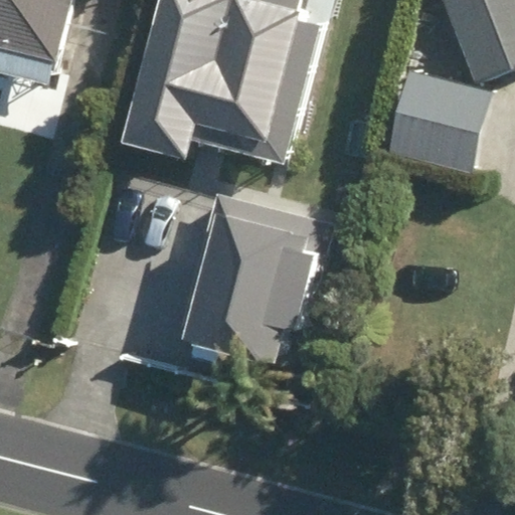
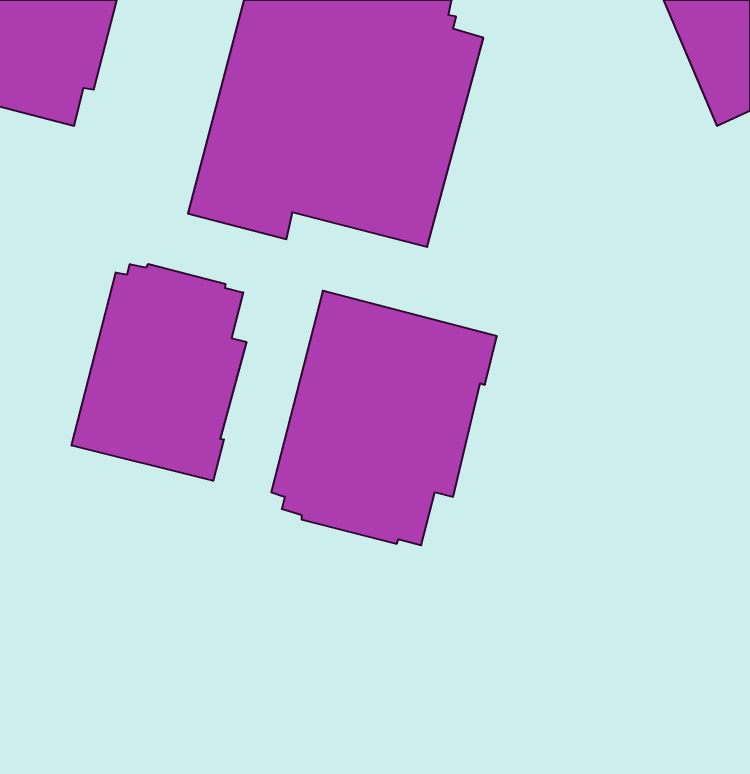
building: [386,70,490,172] -> none
building: none -> [72,264,246,481]

